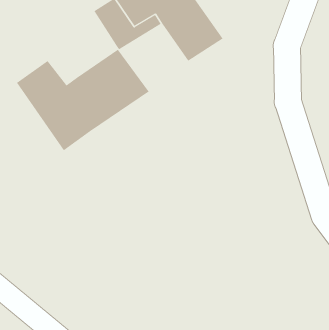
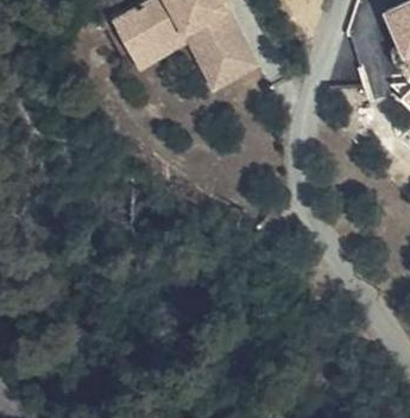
building: [16,49,149,151] -> none

